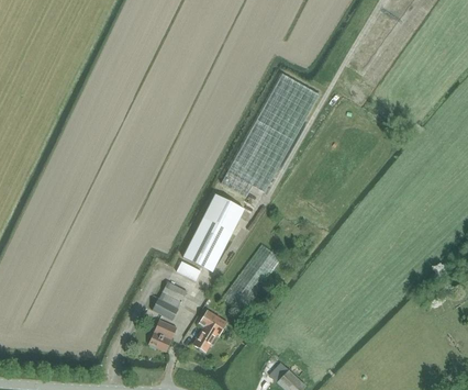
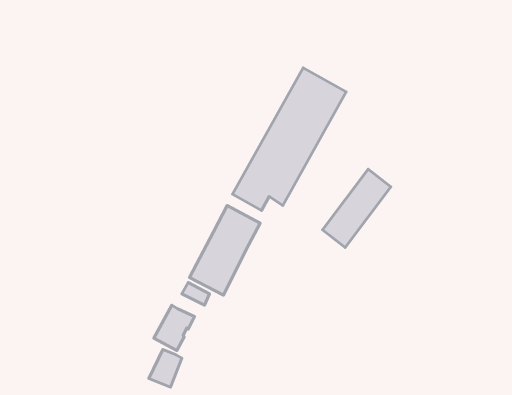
building: [222,246,281,314] -> [323,169,391,248]
building: [192,311,227,354] -> none

